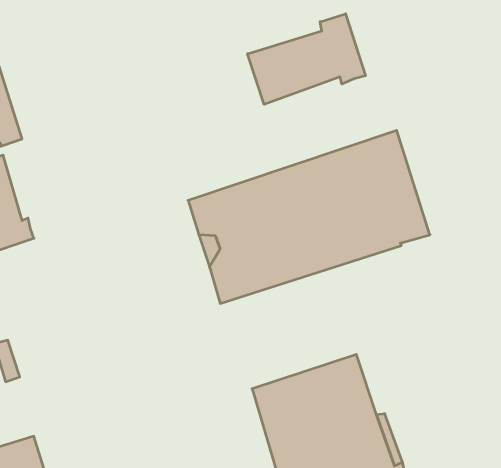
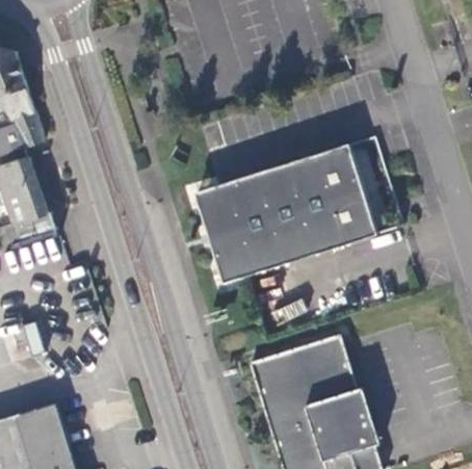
building: [248,14,365,104] -> none

